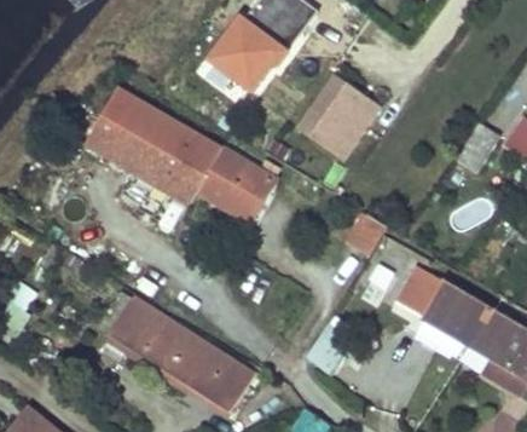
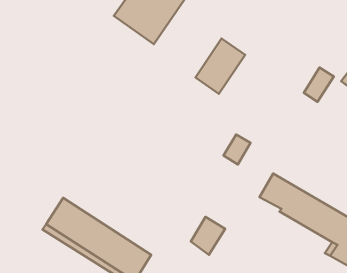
building: [87,90,274,221] -> none

